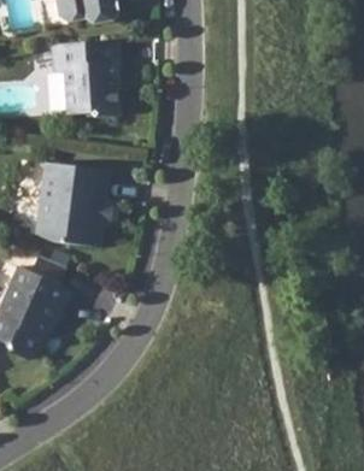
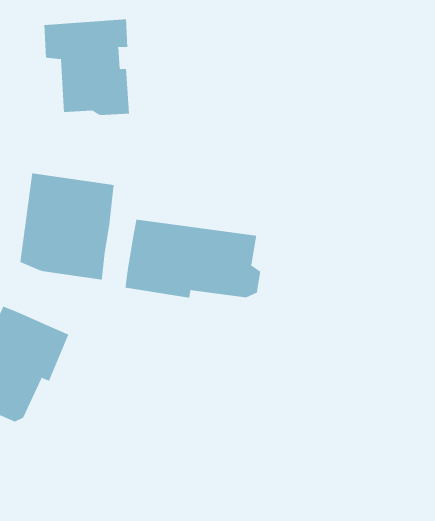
building: none -> [125,219,261,298]

